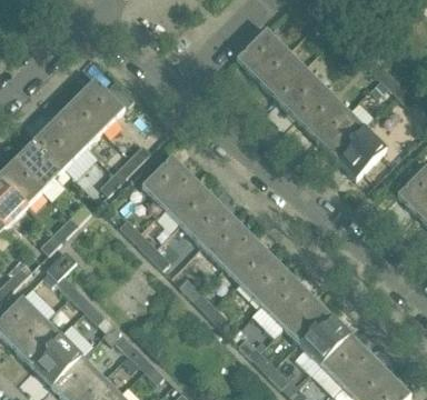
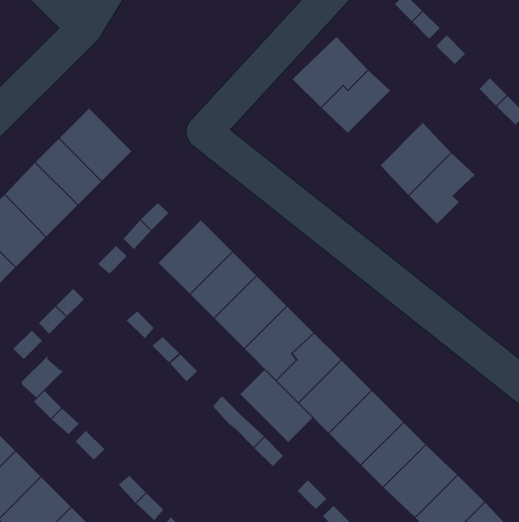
building: [274,66,326,118] -> none
building: [336,124,385,178] -> none
building: none -> [239,369,313,443]

